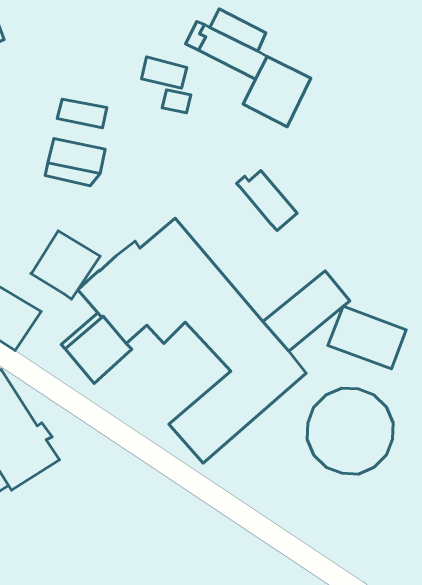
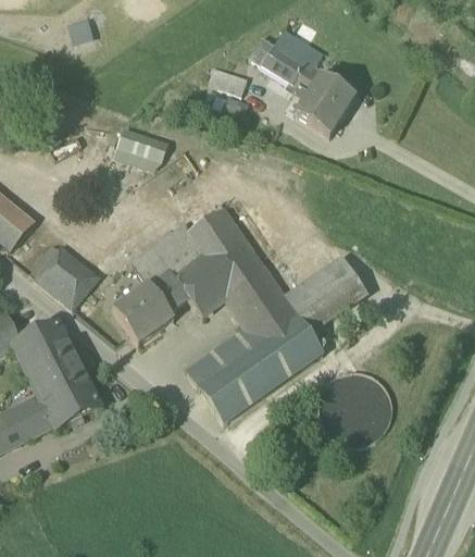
building: [57,99,107,128] -> none
building: [237,170,297,230] -> none
building: [31,231,100,299] -> none
building: [328,306,406,369] -> none
building: none -> [186,326,258,385]

